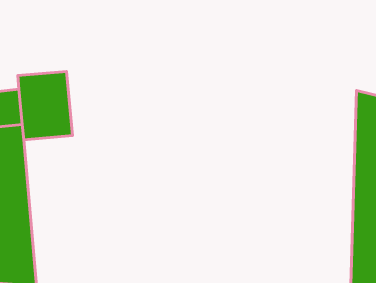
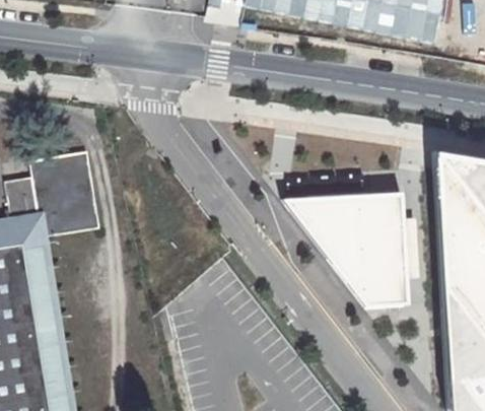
building: none -> [282,193,407,305]

